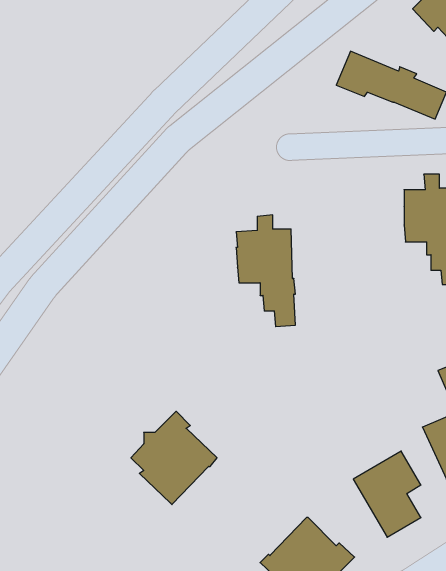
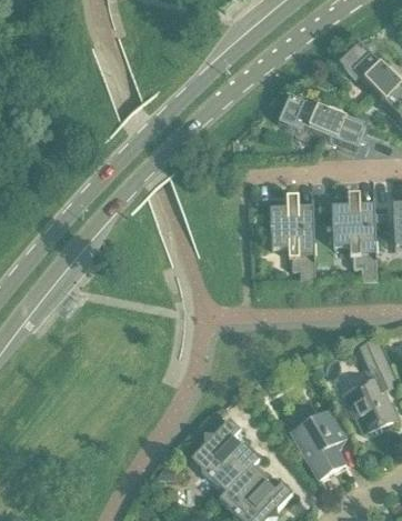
building: [236,215,295,327] -> [269,193,315,281]
building: [131,411,217,505] -> [193,418,261,491]

